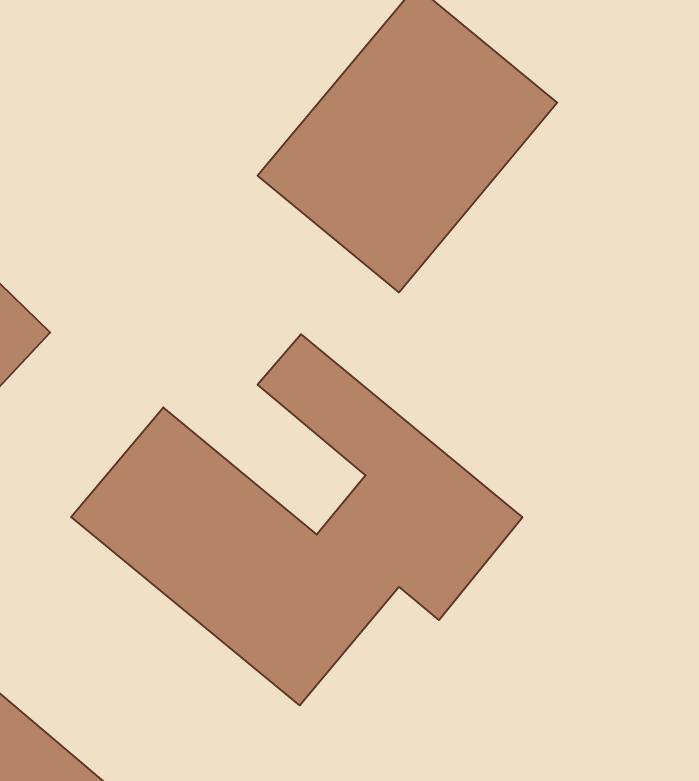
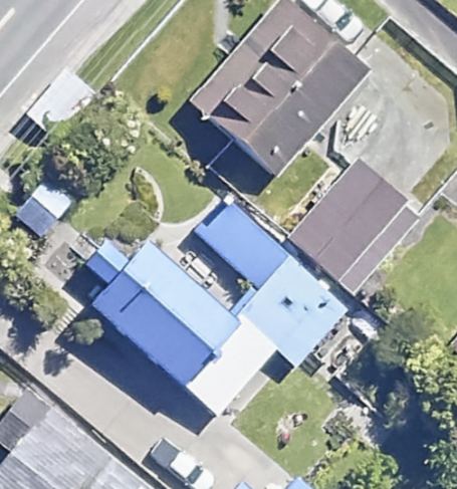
building: none -> [293,156,427,291]

